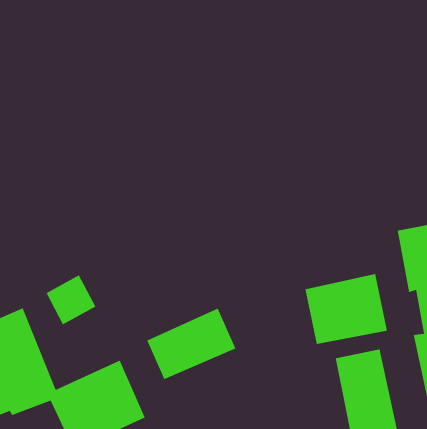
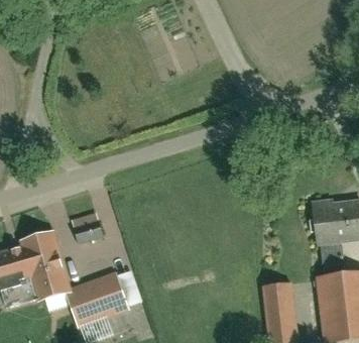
building: [305,273,388,345] -> none
building: [146,308,237,380] -> none

